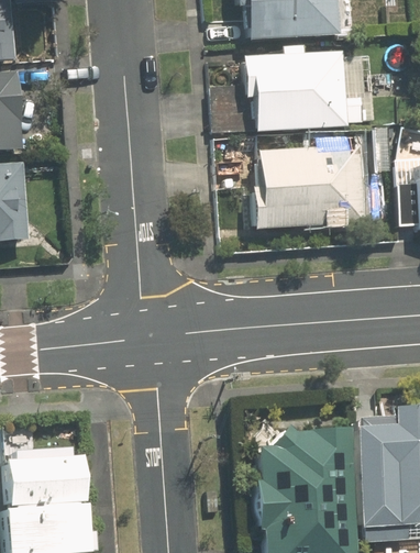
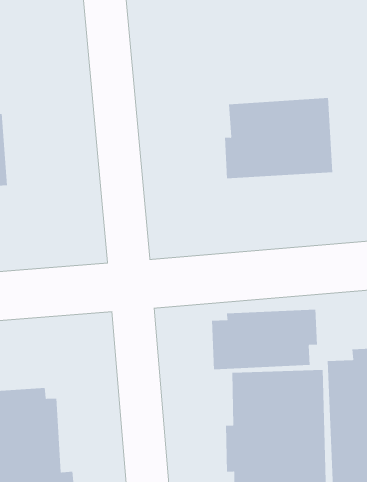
building: [243,52,346,131] -> none
building: none -> [212,309,317,370]

